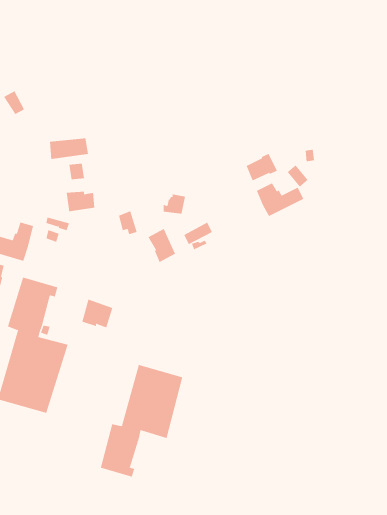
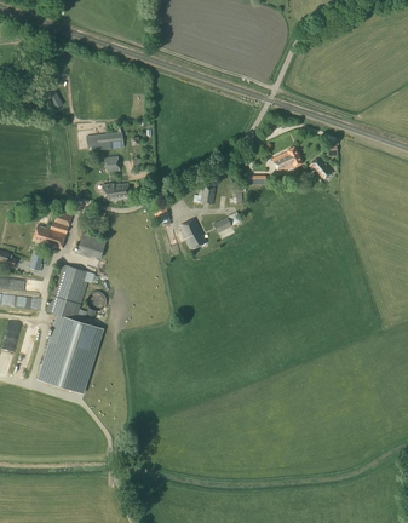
building: [256,183,304,217] -> none
building: [81,299,113,328] -> [76,230,107,258]
building: [100,364,183,477] -> none

